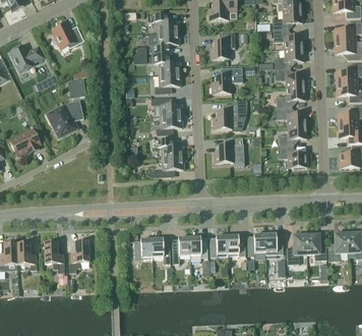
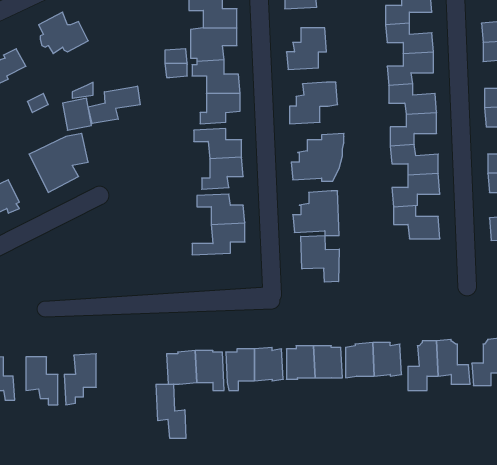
building: none -> [88,86,140,124]
building: none -> [301,236,339,282]
building: none -> [156,384,186,438]

